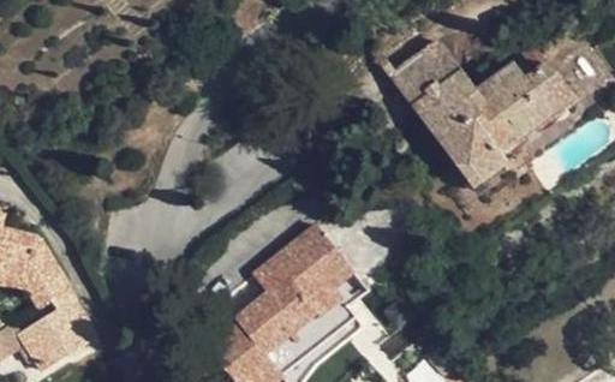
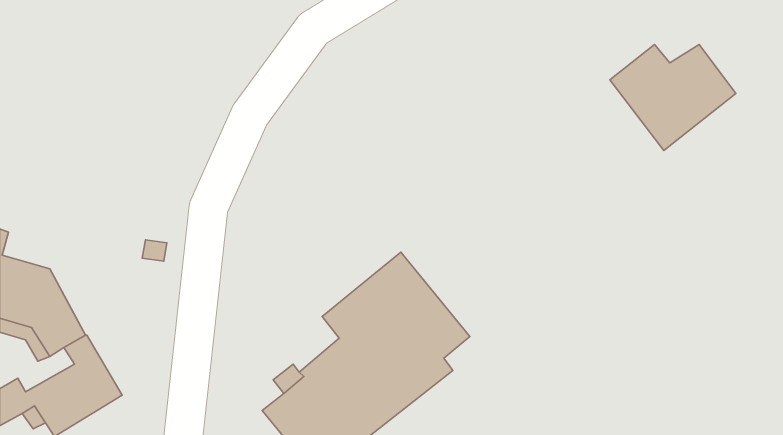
building: [389,38,519,190] -> none

